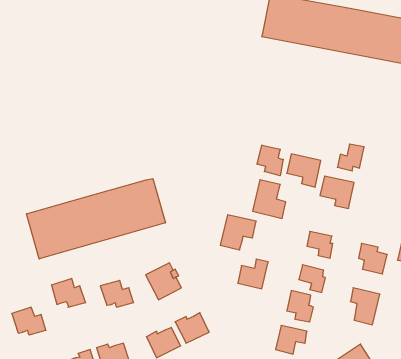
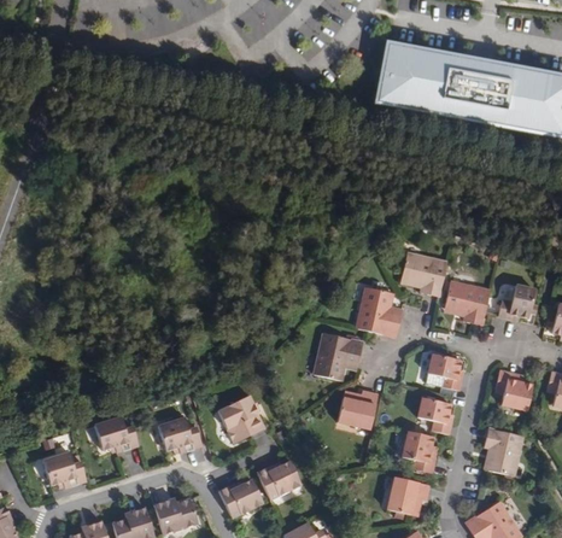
building: [337,144,364,171] -> [499,285,534,320]
building: [257,145,283,176] -> none
building: [26,179,165,259] -> none

